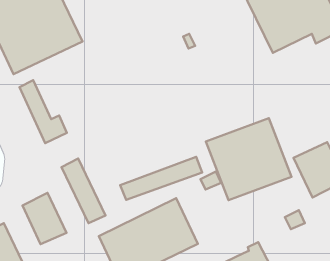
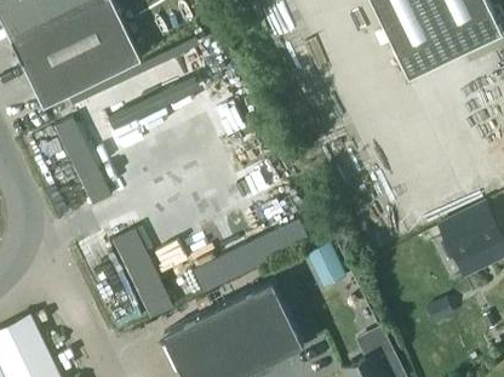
building: [206,118,292,200] -> none
building: [22,193,67,244] -> none

